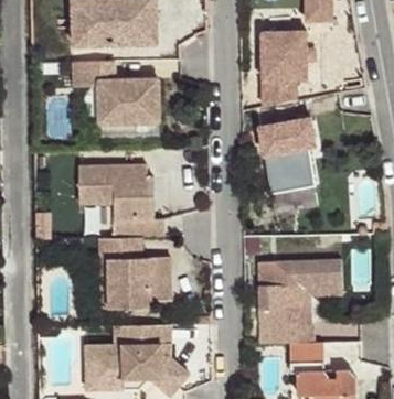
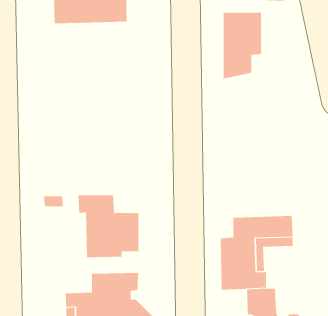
building: [73,62,158,123] -> none
building: [268,98,322,193] -> none
building: [78,165,163,238] -> none

